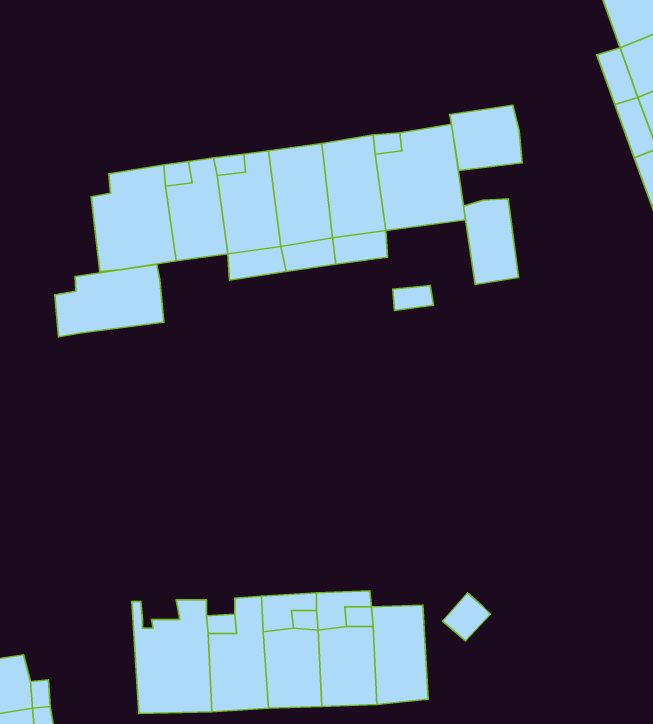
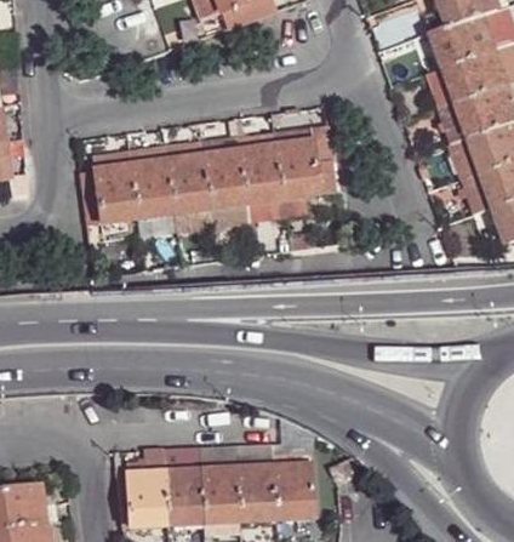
building: [450,105,522,170] -> none
building: [464,199,518,285] -> none
building: [55,265,164,337] -> none

